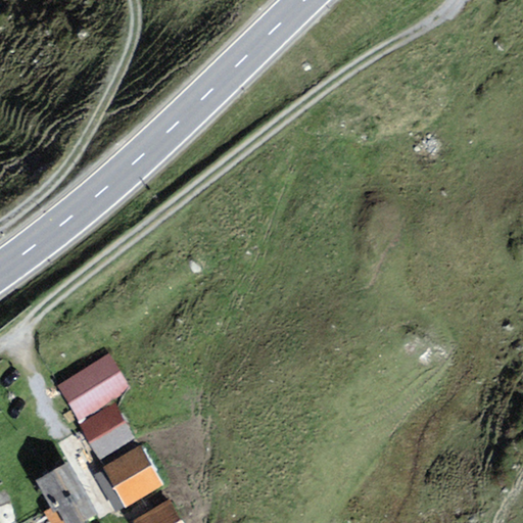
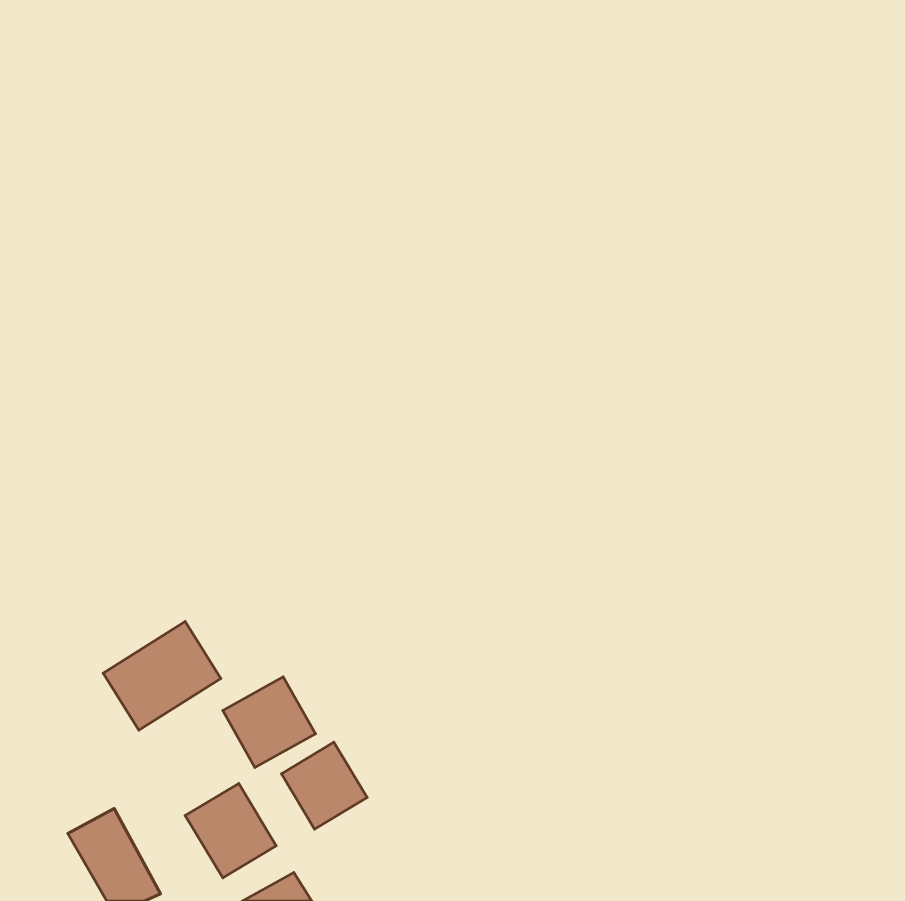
building: [79,407,132,459] -> [223,677,315,768]
building: none -> [281,742,367,829]

